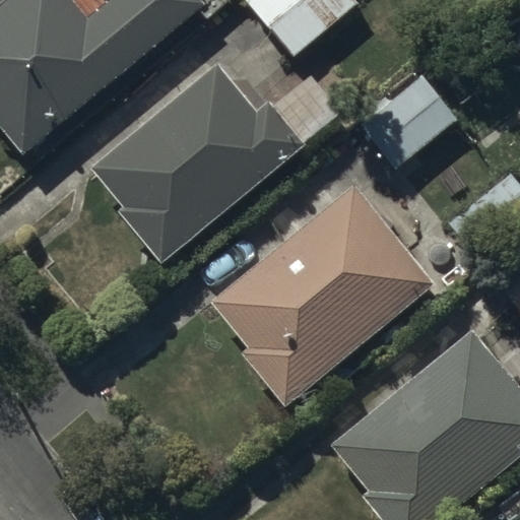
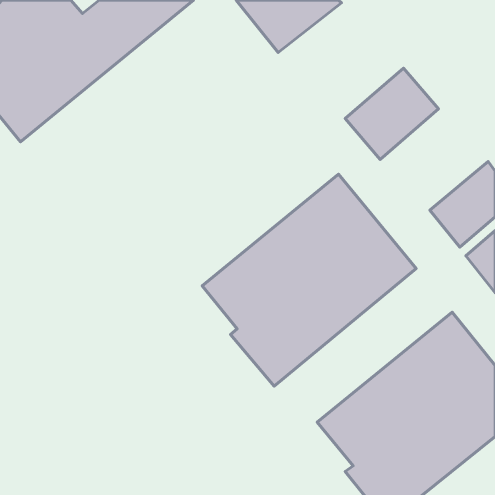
building: [93,62,306,262] -> none

